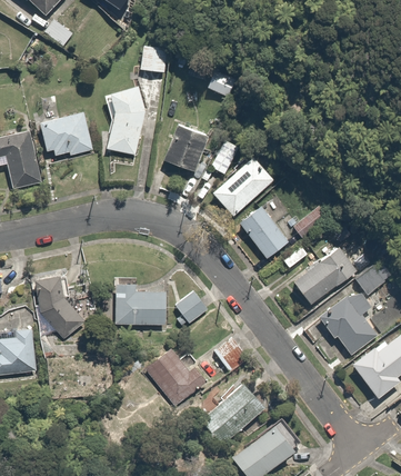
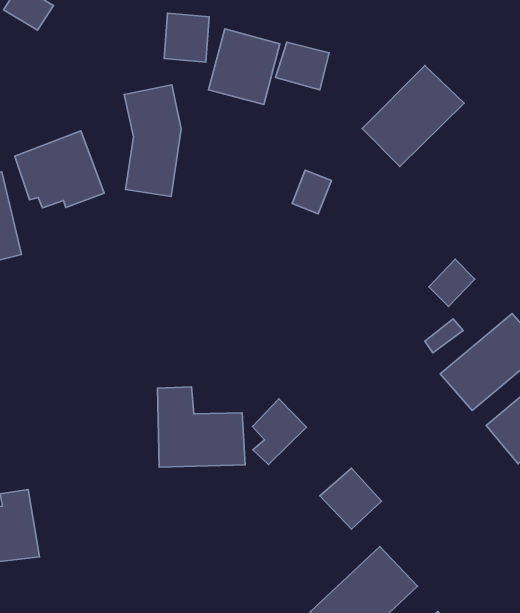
building: [161,125,208,173] -> [208,29,280,105]
building: [211,157,275,218] -> [362,65,464,167]
building: [239,205,291,260] -> none
building: [36,279,82,336] -> none
building: [142,347,209,407] -> none

